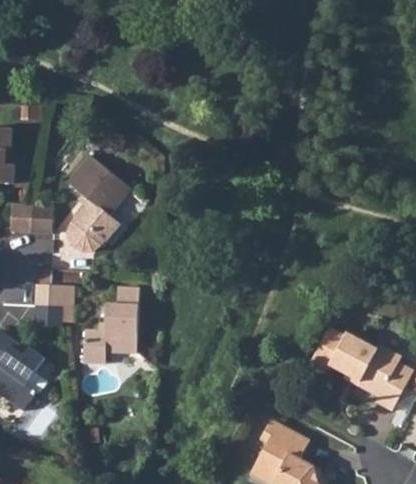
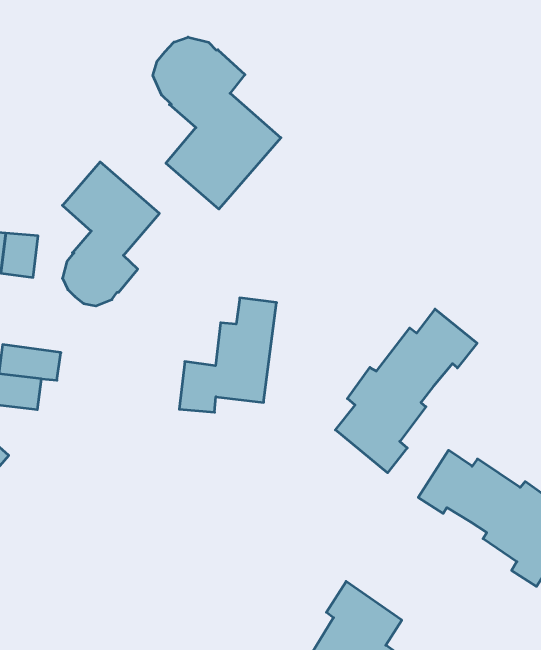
building: none -> [153,37,281,209]
building: none -> [335,309,477,473]
building: [82,286,139,361] -> [179,298,277,412]

